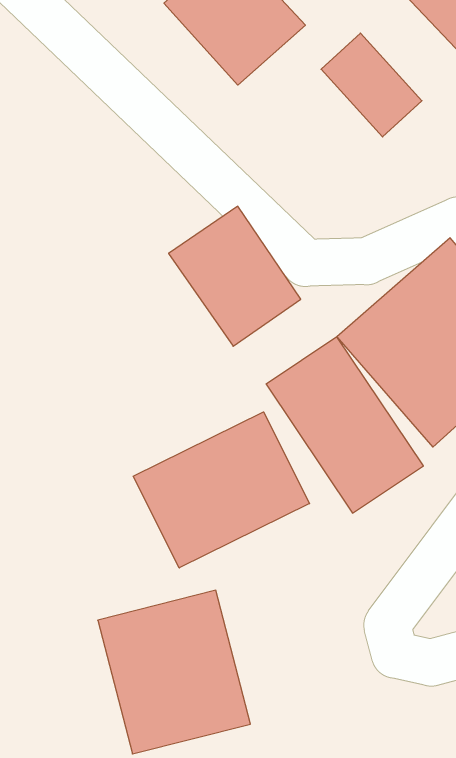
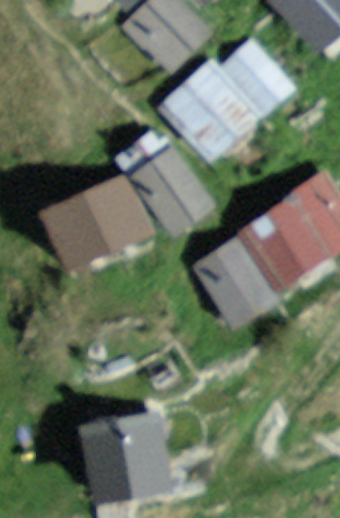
building: none -> [159,58,269,170]
building: none -> [34,173,146,277]
building: [133,412,310,568] -> none

